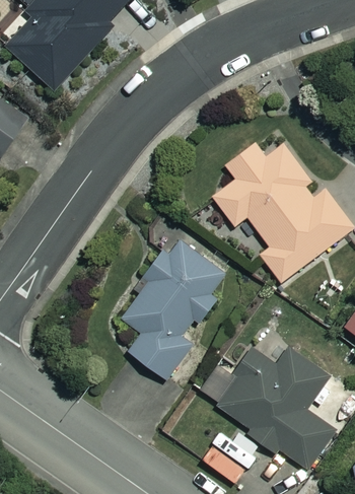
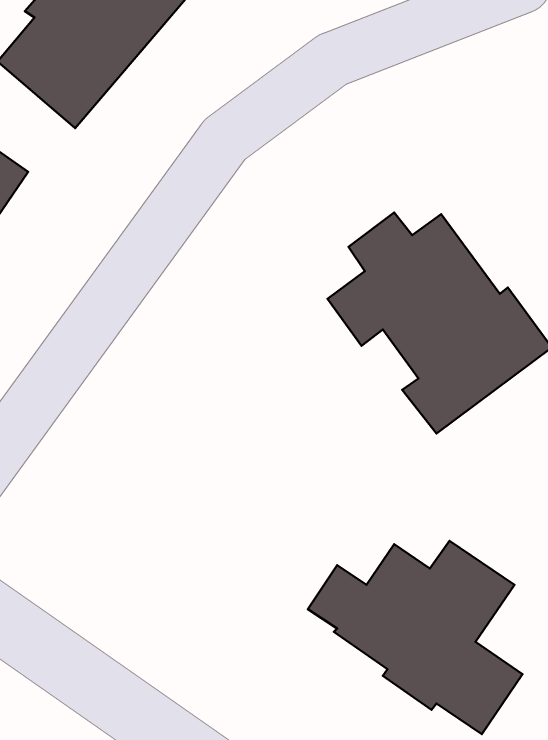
building: [124,235,231,378] -> none

